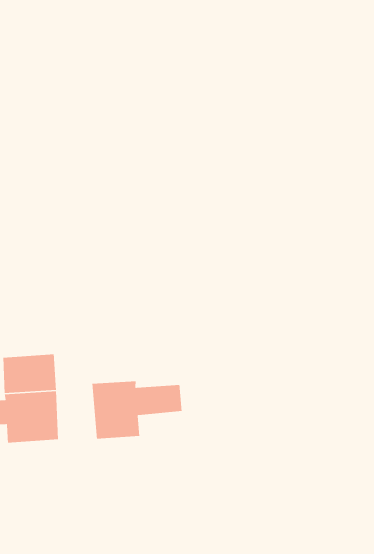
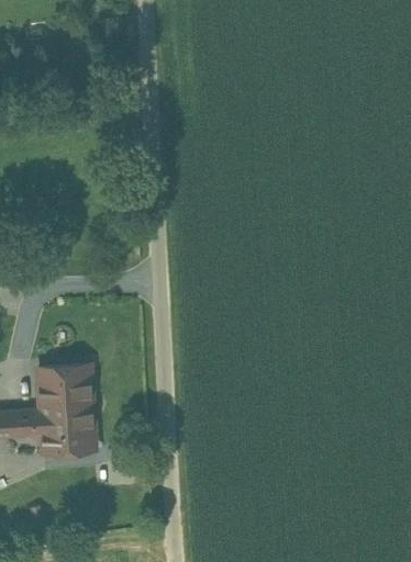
building: [92,380,182,439] -> none

